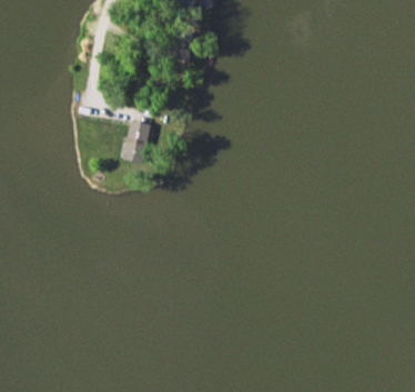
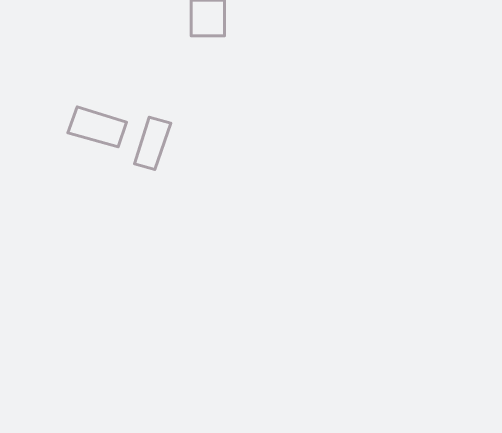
building: none -> [68,107,127,147]

